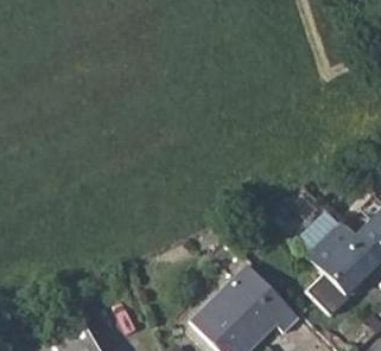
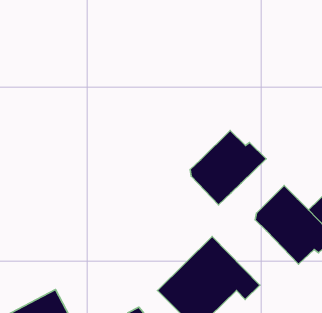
building: none -> [190,130,266,205]

